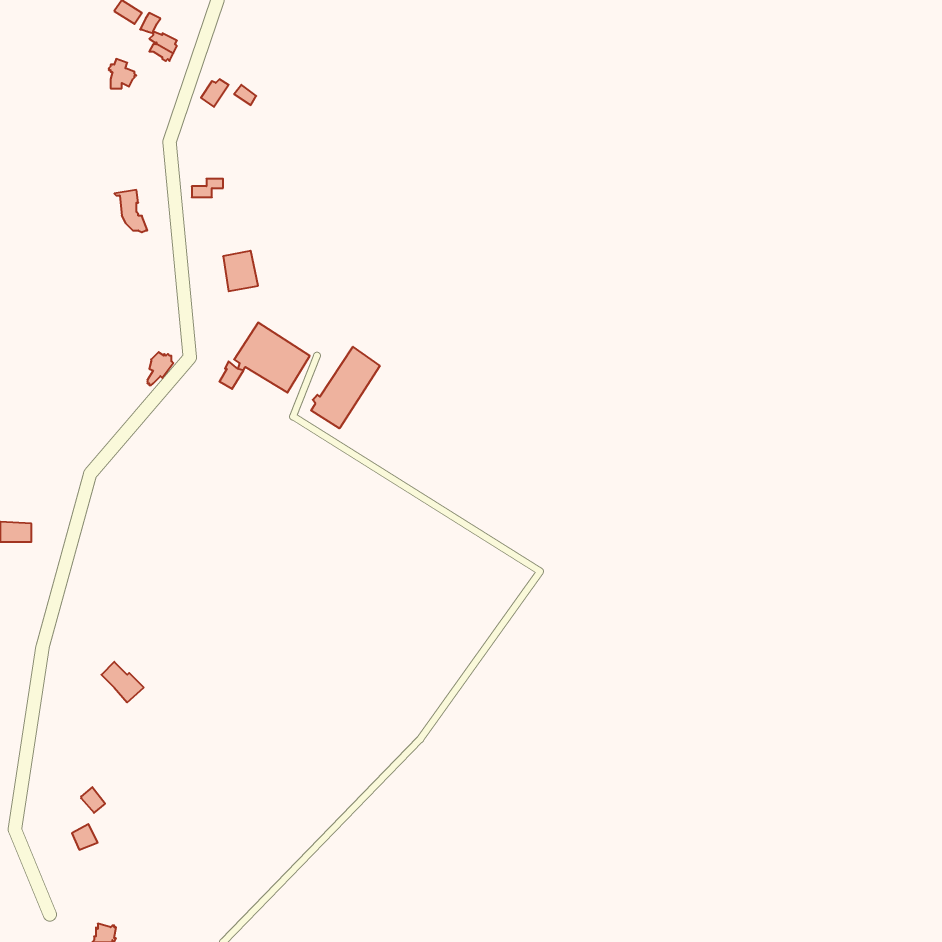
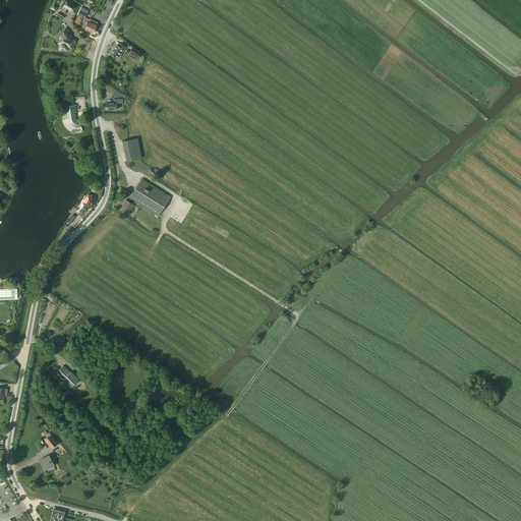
building: [311,347,380,428] -> none

